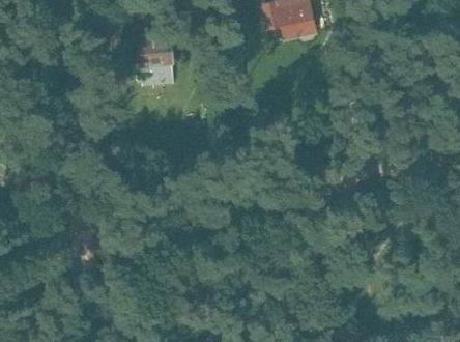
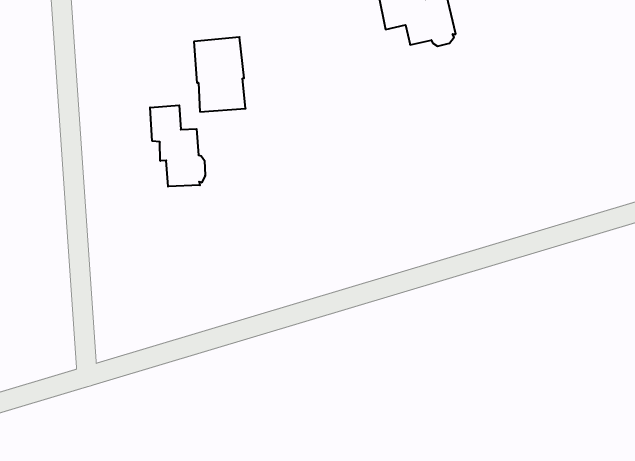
building: none -> [150,105,205,187]

